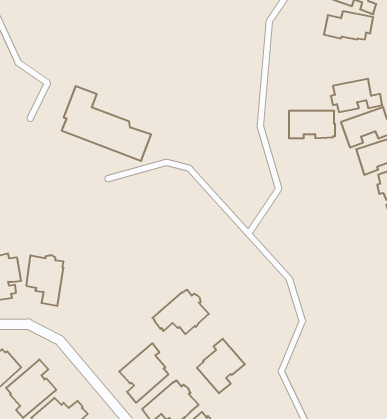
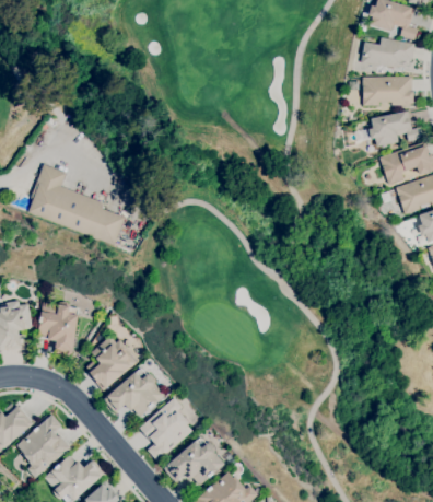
building: [62,86,151,161] -> [28,164,126,245]
building: [289,111,335,138] -> [363,77,413,106]
building: none -> [86,336,137,392]
building: [152,290,209,334] -> [104,369,165,417]
building: [197,339,245,393] -> none

